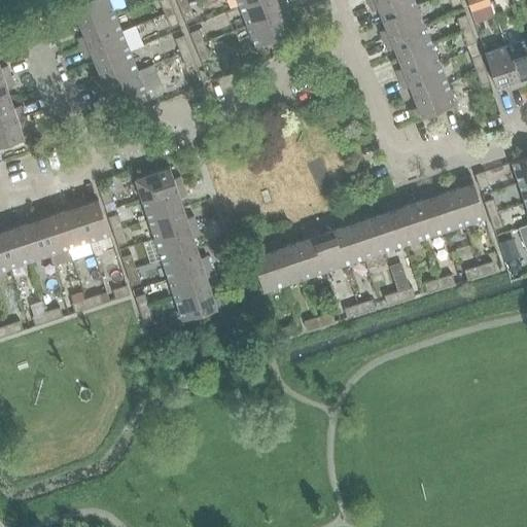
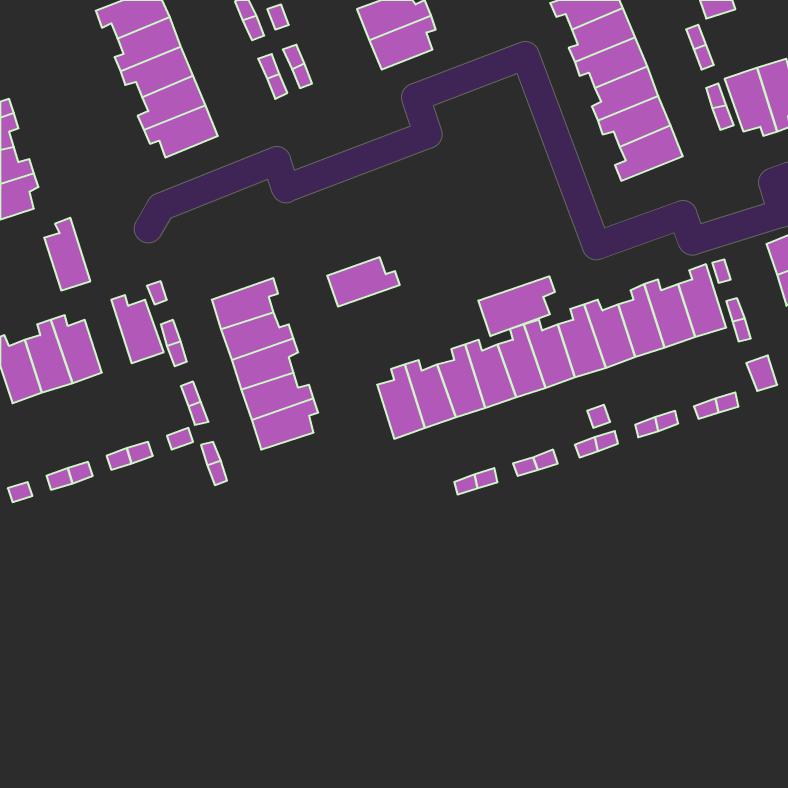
building: [135,168,183,201] -> [327,257,400,307]
building: none -> [478,276,555,336]
building: [58,201,89,249] -> [44,218,90,290]
building: [175,289,223,321] -> none

